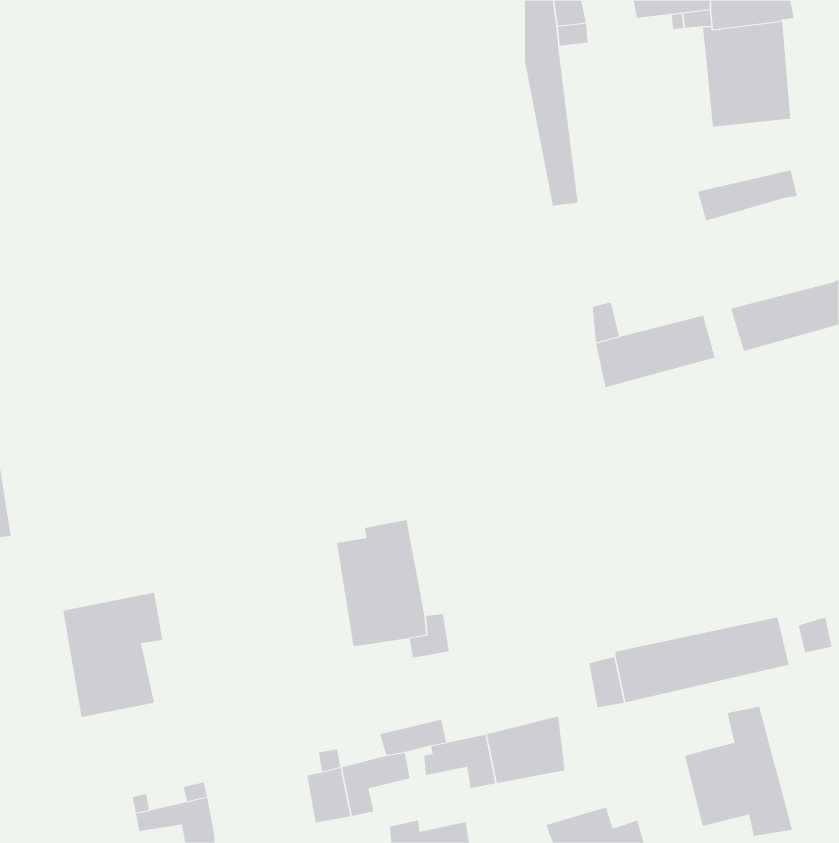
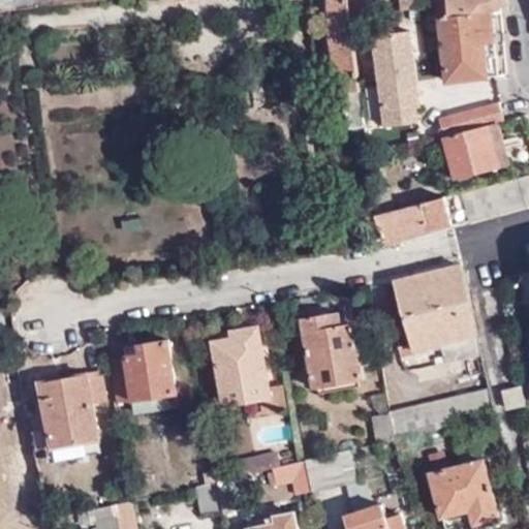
building: none -> [373,32,418,127]
building: none -> [442,124,498,179]
building: none -> [390,267,479,363]
building: none -> [300,314,362,387]
building: none -> [108,339,174,401]

